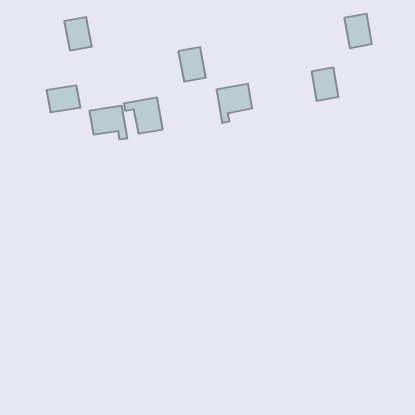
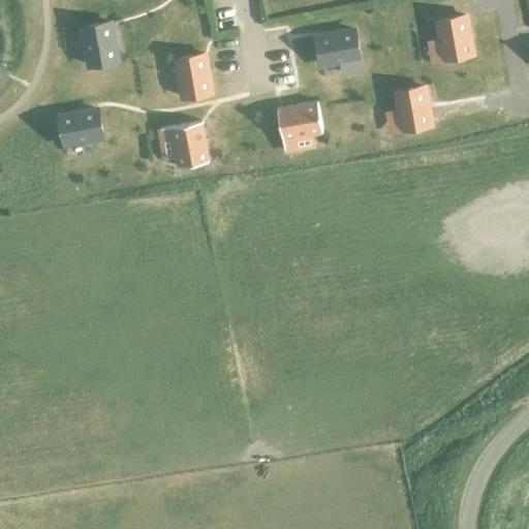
building: none -> [316,30,360,64]
building: [178,47,206,81] -> [176,54,211,97]
building: [90,106,127,139] -> none

